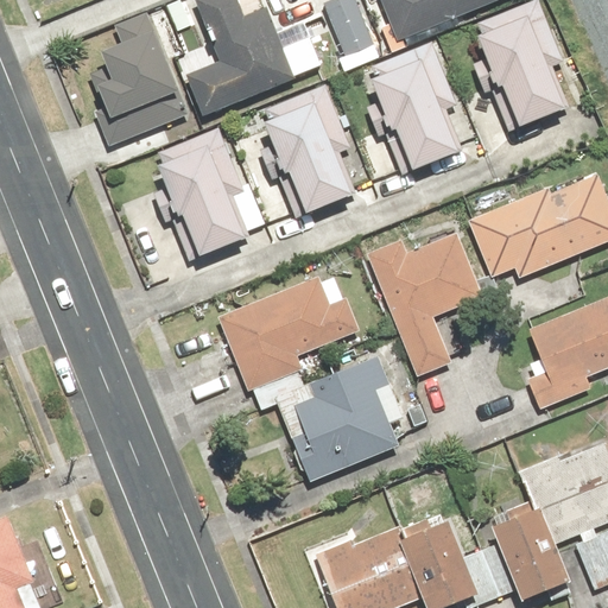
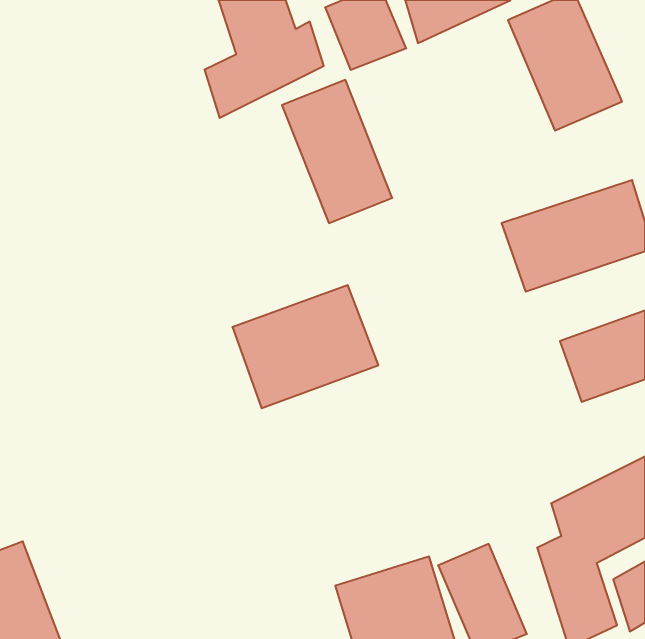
building: [109,14,184,122] -> none
building: [368,43,473,172] -> none
building: [152,131,258,260] -> none
building: [357,229,471,380] -> none
building: [248,352,401,489] -> none

